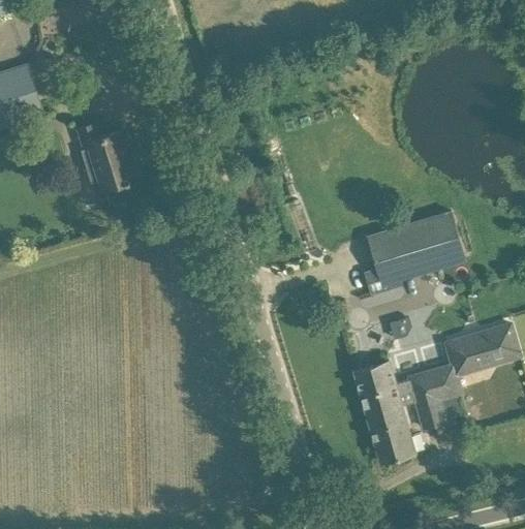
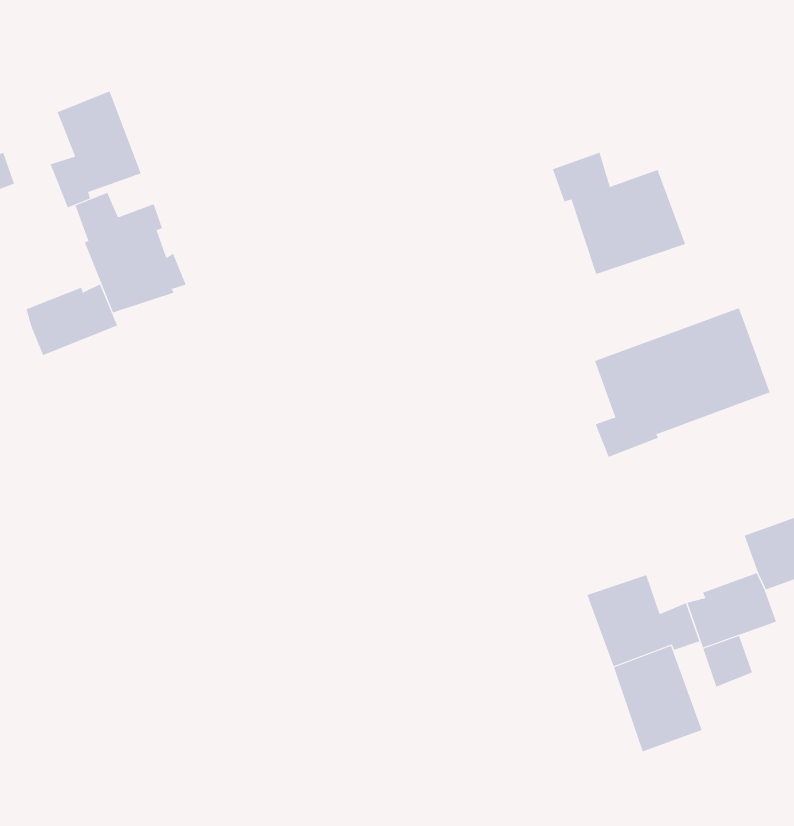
building: none -> [50,90,141,208]
building: none -> [552,152,686,275]
building: none -> [26,284,118,356]

